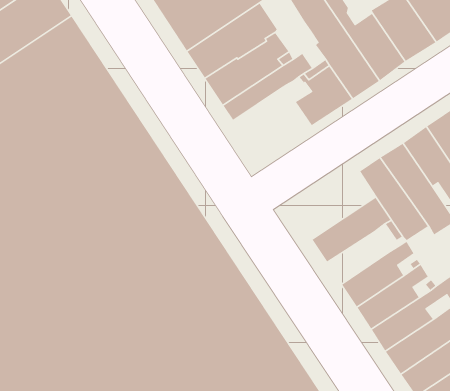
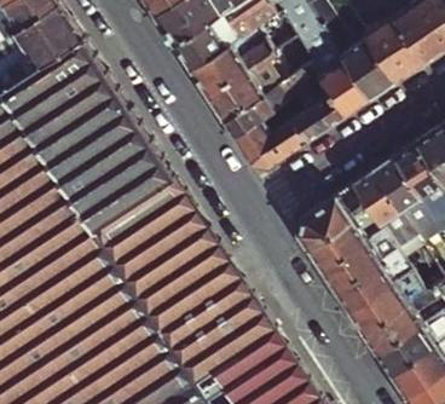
building: none -> [233,99,307,168]
building: none -> [297,184,368,248]
building: none -> [322,241,380,290]

